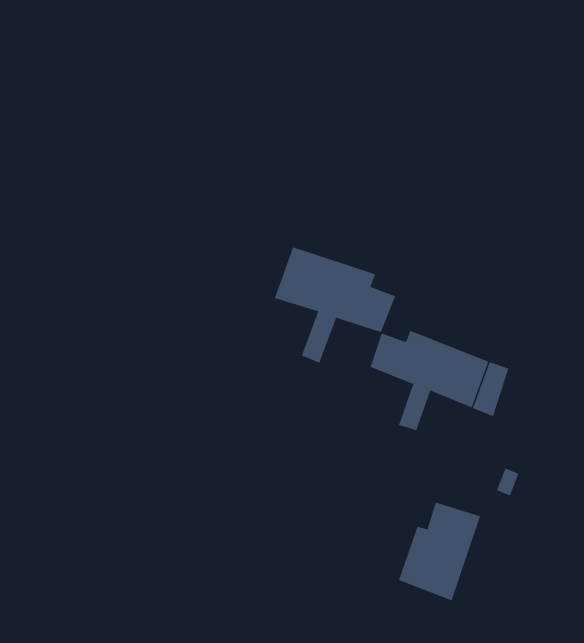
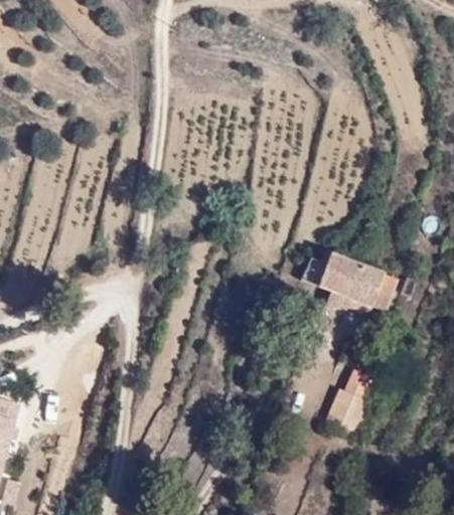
building: [274,246,396,364] -> none

